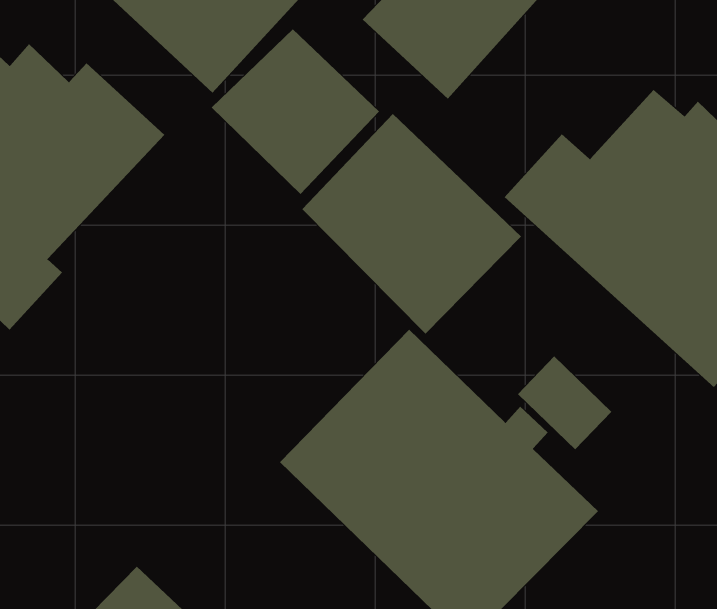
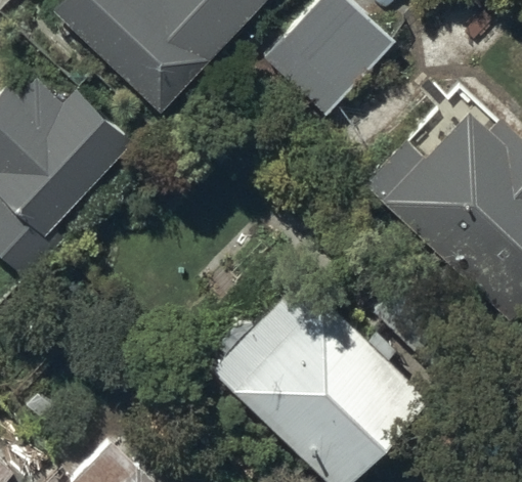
building: [211,28,380,195] -> none
building: [302,113,522,334] -> none

